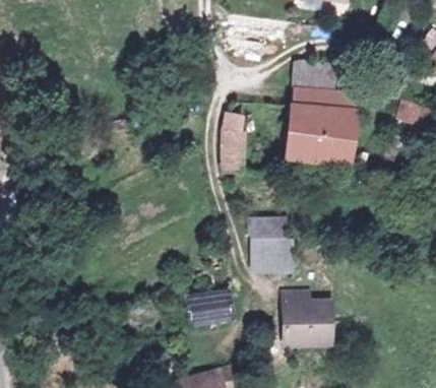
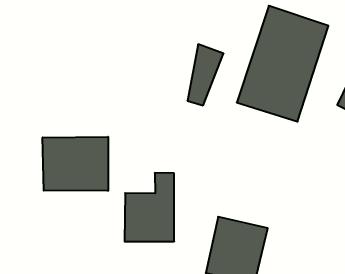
building: [248,212,297,272] -> none
building: none -> [43,137,108,191]

